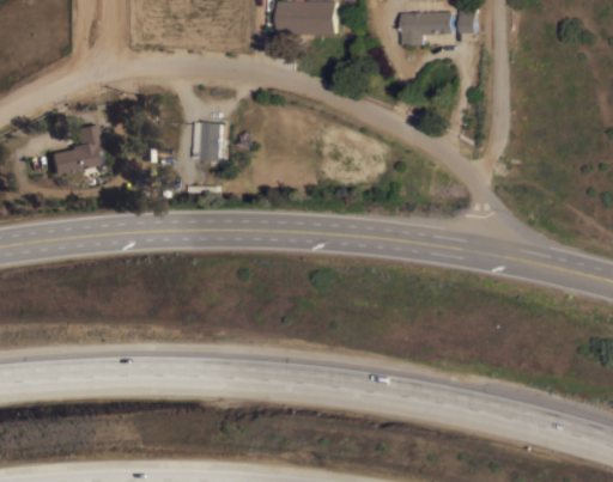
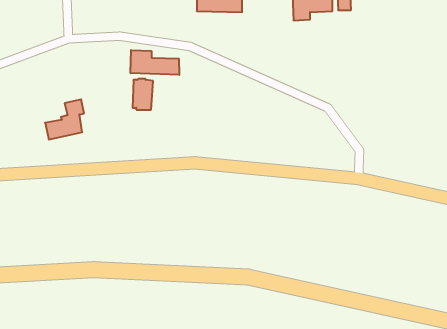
building: none -> [131,50,179,75]
building: [48,124,98,176] -> [45,99,84,139]

